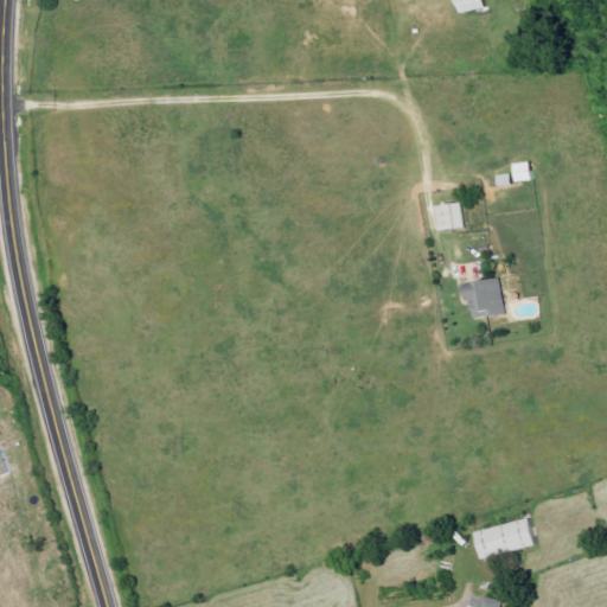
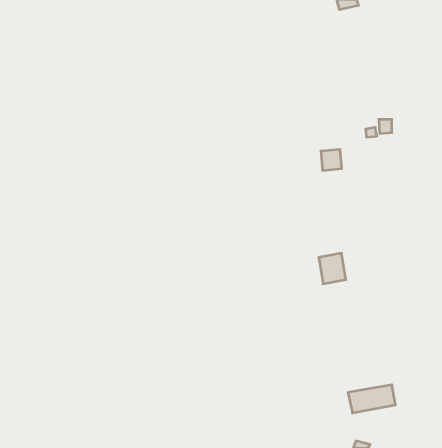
building: [466,277,503,319] -> [319,253,346,284]

